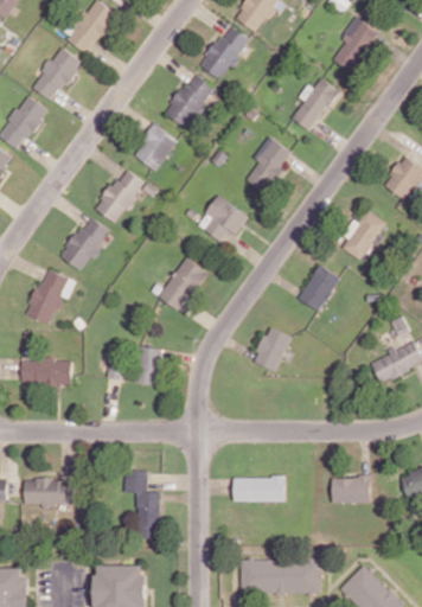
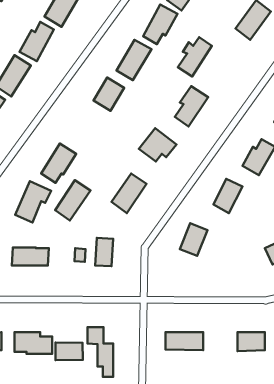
building: [292,77,339,132] -> [178,37,212,77]
building: [96,167,145,223] -> [55,180,90,220]
building: none -> [55,342,83,360]

